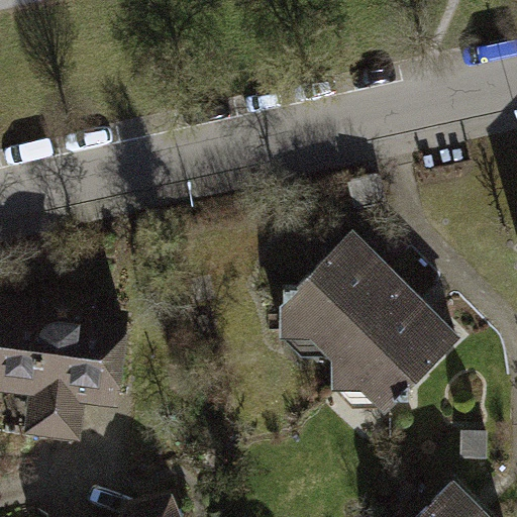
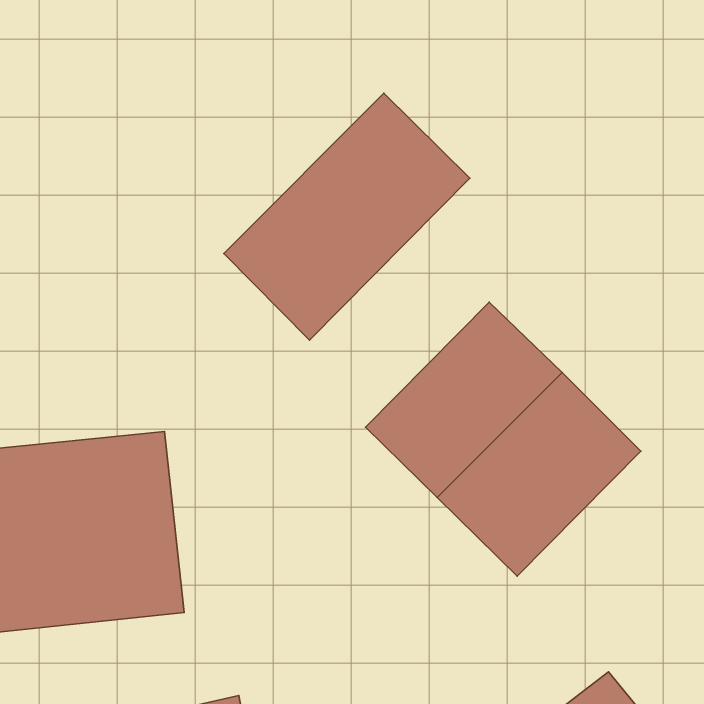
building: none -> [224,93,470,340]

